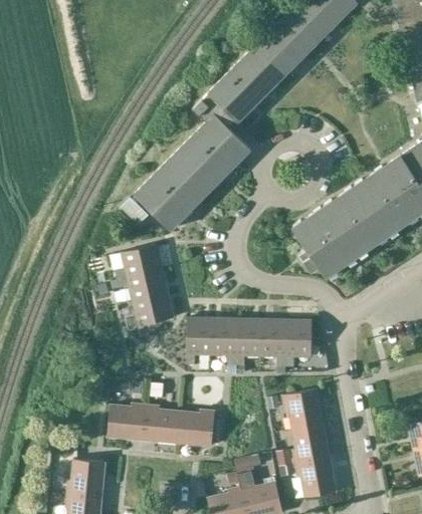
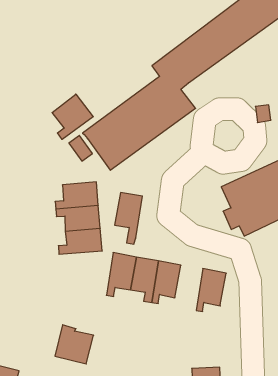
building: none -> [52,94,93,139]
building: [262,319,287,372] -> [115,193,142,244]
building: [282,390,323,429] -> none
building: [109,403,146,439] -> none
building: [178,409,215,445] -> none

